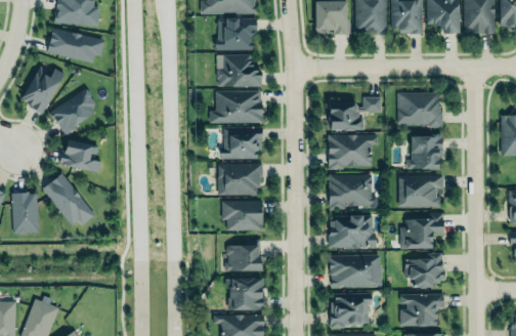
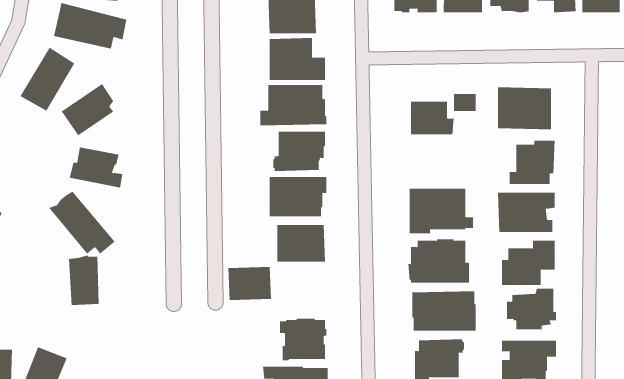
building: [329,135,378,170] -> none
building: [13,193,38,233] -> [68,255,99,306]
building: [225,246,260,272] -> [228,267,272,300]

